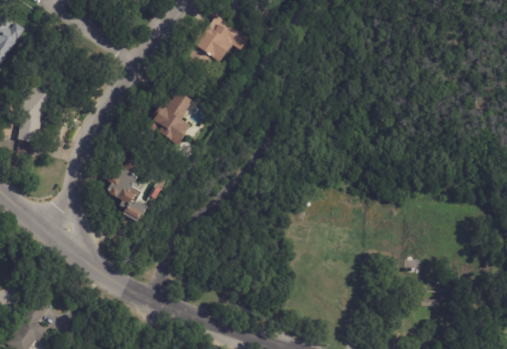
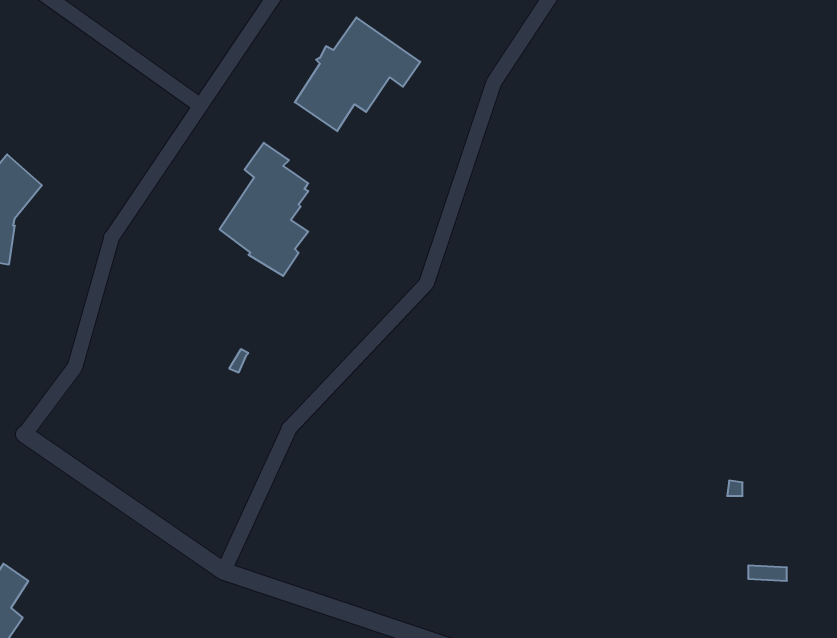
building: [108,160,148,224] -> none

